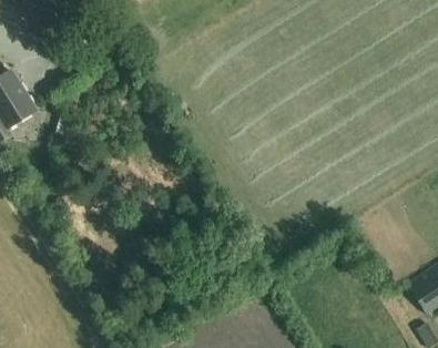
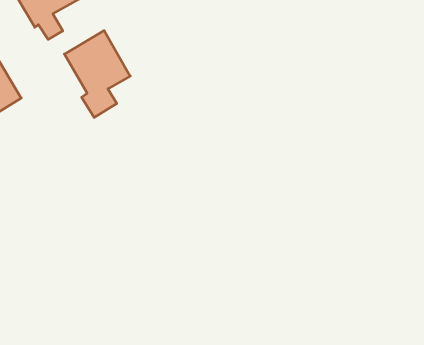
building: none -> [64,31,130,117]

